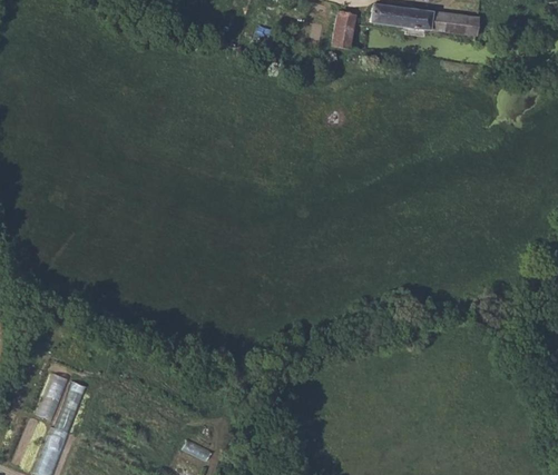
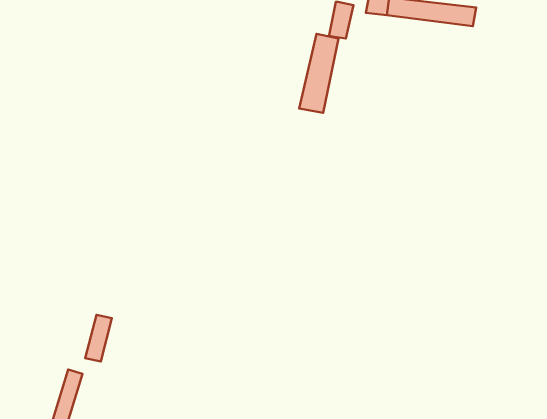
building: none -> [299,34,338,113]
building: [41,372,68,418] -> [85,315,112,362]

